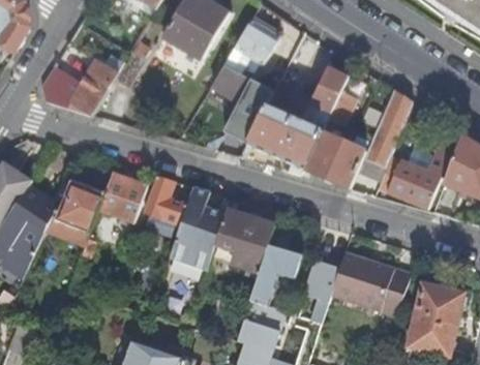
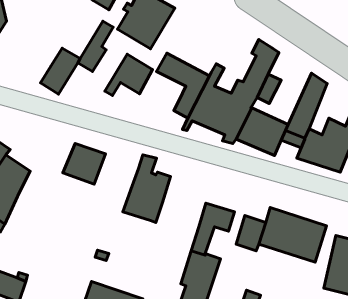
building: [222,19,279,68] -> [105,54,152,96]
building: [39,64,82,108] -> none
building: [44,160,114,246] -> none
building: [143,177,186,224] -> none
building: [215,210,274,273] -> none

